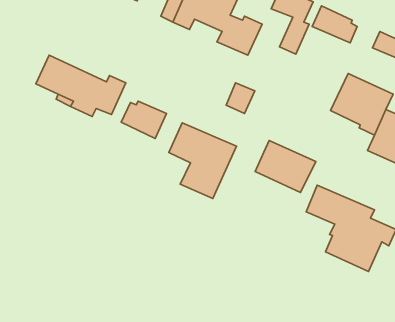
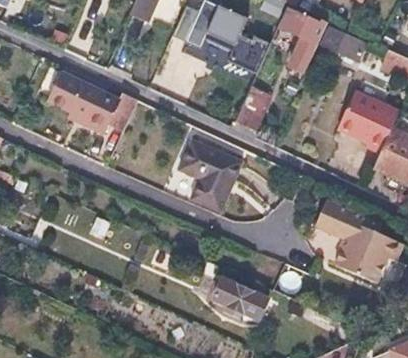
building: [121,101,167,138] -> none
building: [255,140,316,193] -> none
building: none -> [215,280,270,321]

